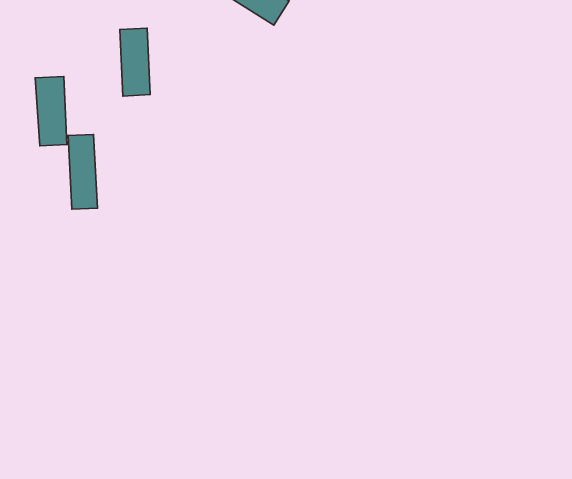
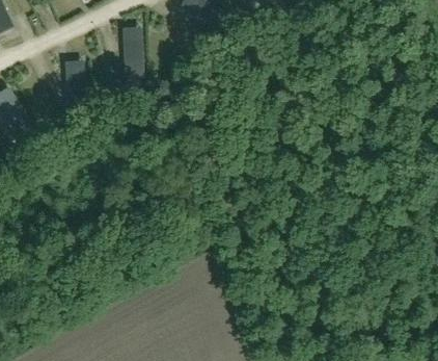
building: [68,134,97,209] -> none

